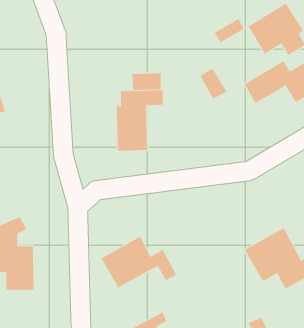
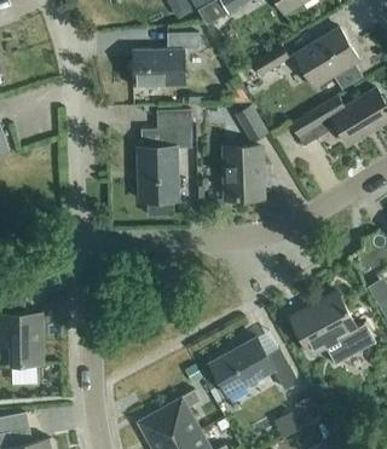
building: none -> [132,34,198,88]
building: none -> [225,149,262,200]
building: [100,236,177,288] -> [208,336,298,398]

